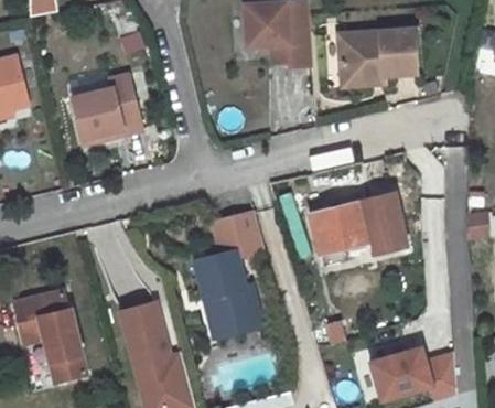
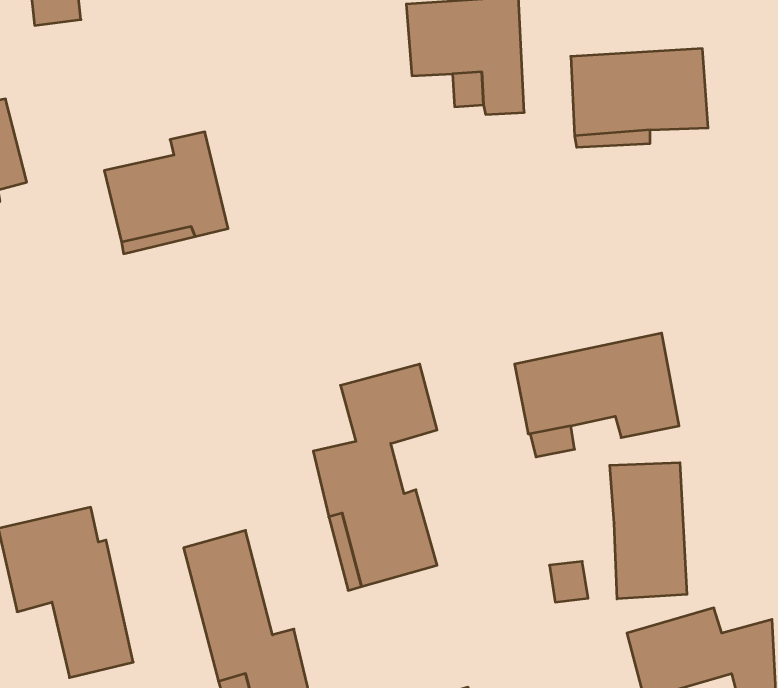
building: none -> [610,463,687,599]

